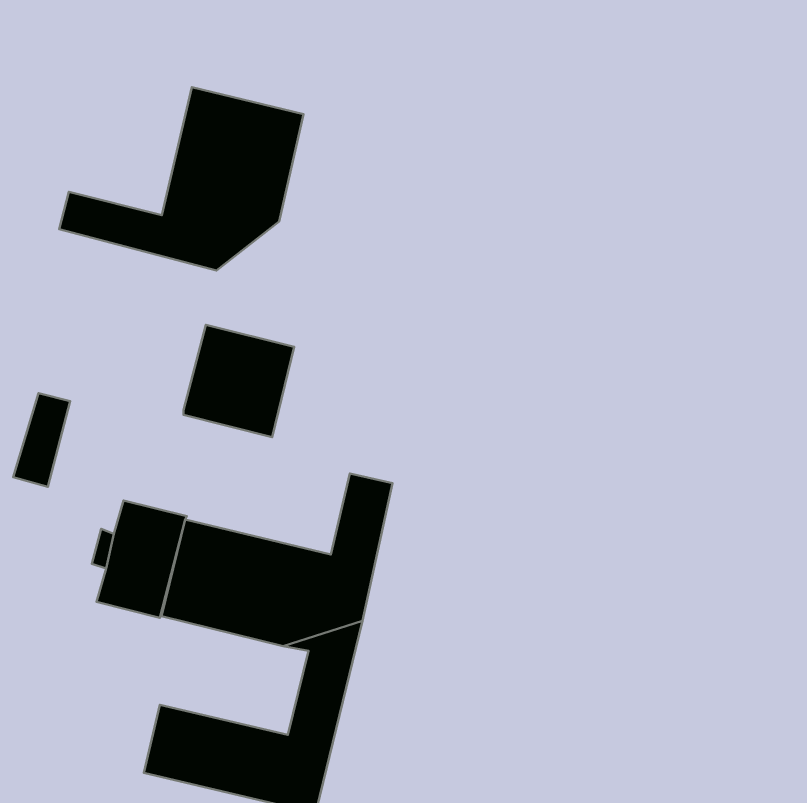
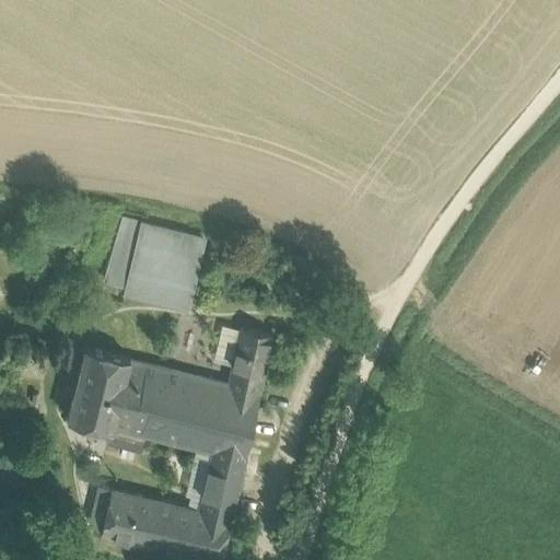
building: [59,87,304,271] -> none
building: [13,393,70,487] -> [104,223,143,288]

